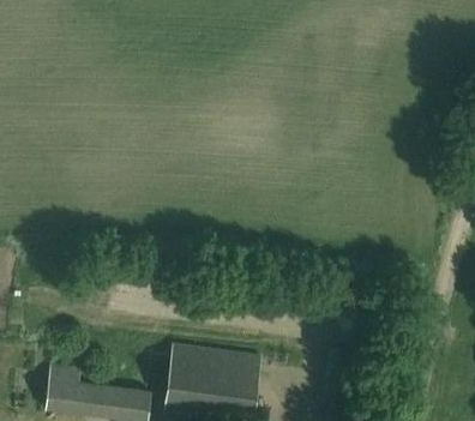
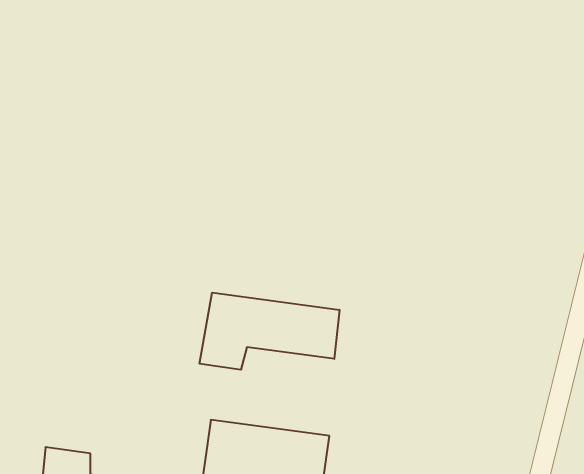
building: none -> [200,293,339,370]

